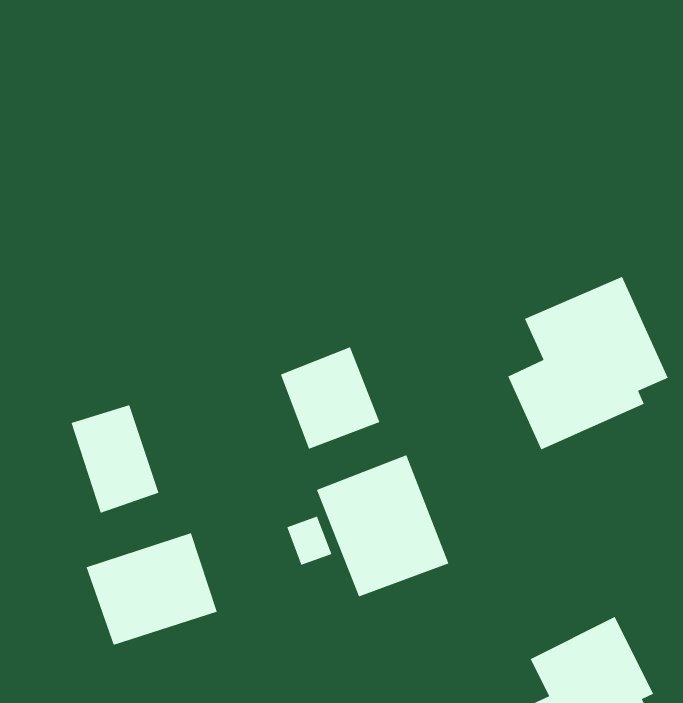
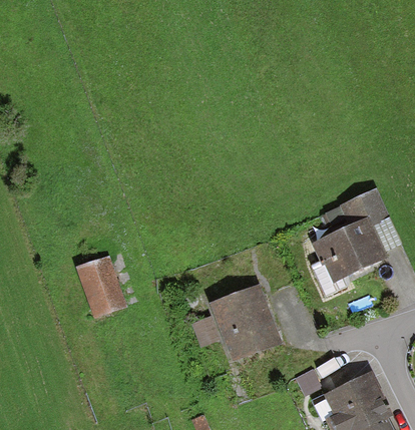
building: [280,346,380,450] -> none
building: [85,532,218,646] -> none

